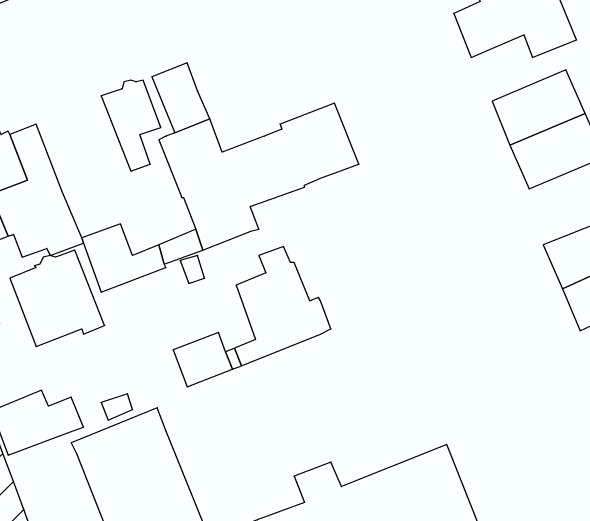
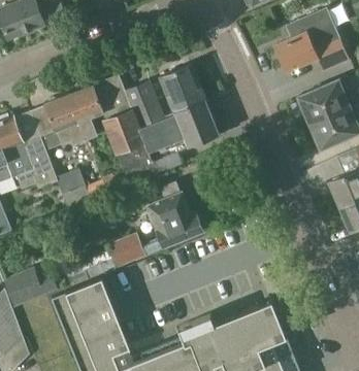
building: none -> [160,64,205,110]
building: none -> [125,81,164,127]
building: [10,250,105,346] -> [30,94,86,150]

